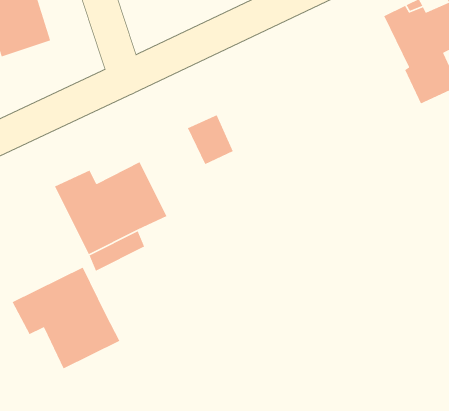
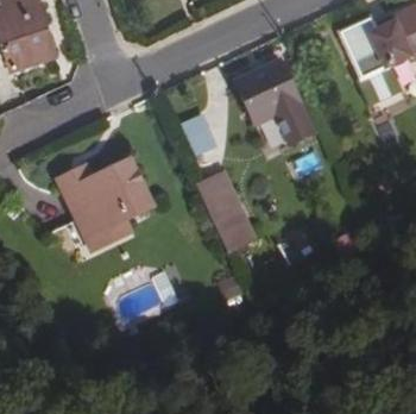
building: none -> [235,61,315,144]
building: none -> [198,174,256,252]
building: [11,267,121,369] -> none

